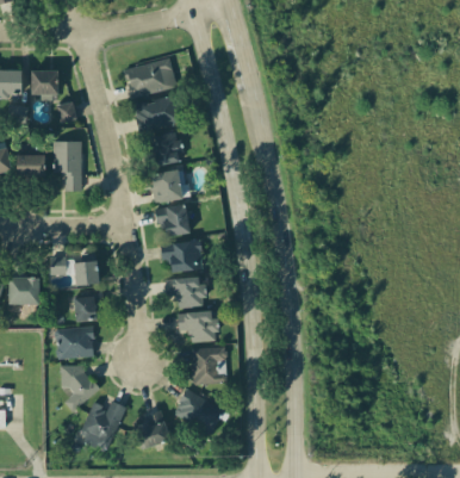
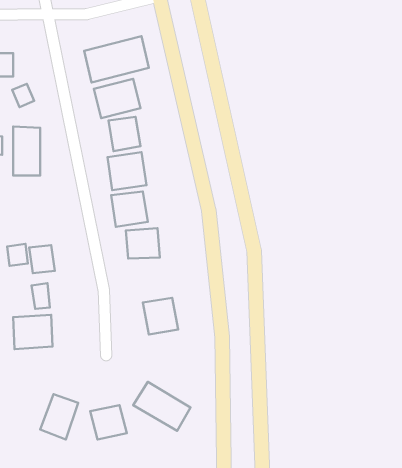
building: [158,277,203,308] -> none
building: [195,349,226,381] -> none
building: [61,365,104,408] -> none

